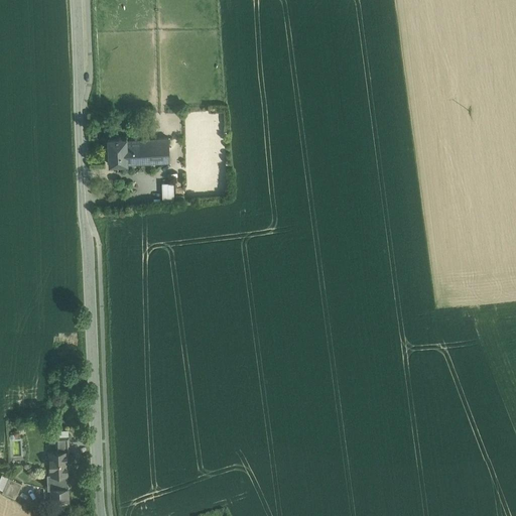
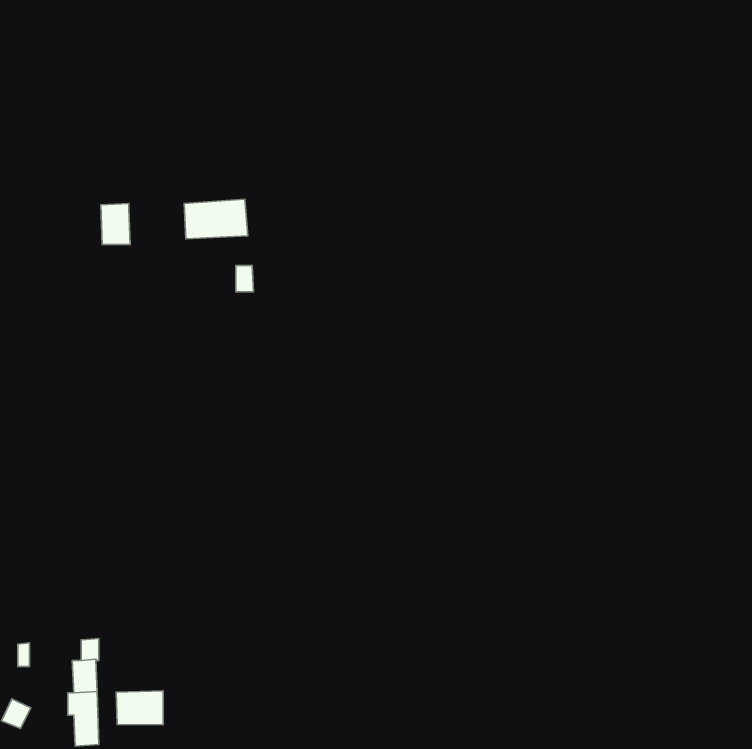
building: [107,138,127,166] -> [101,203,130,245]
building: none -> [116,691,163,725]

